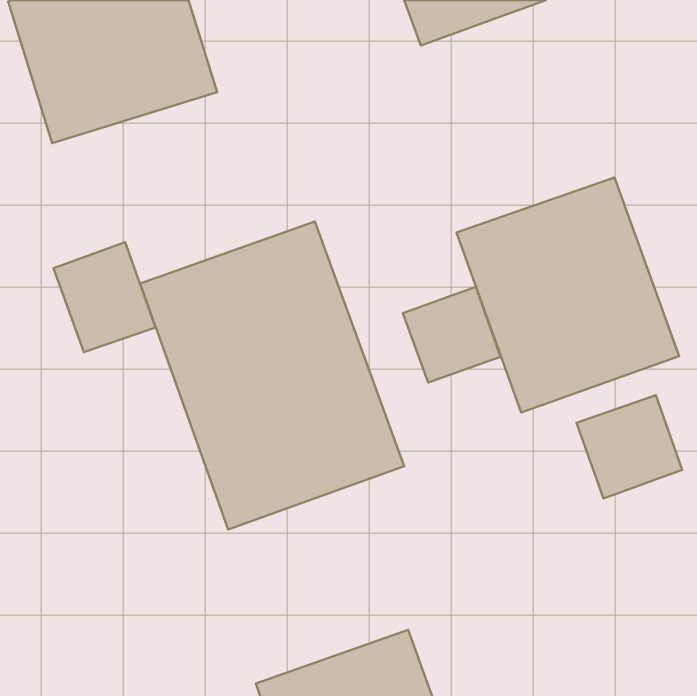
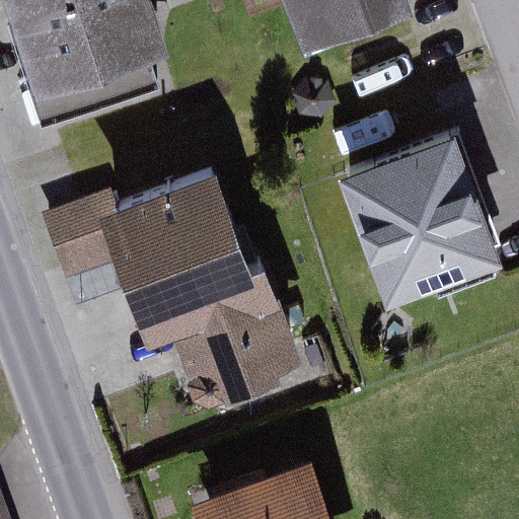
building: [403,287,500,382] -> none
building: [576,395,682,499] -> none

